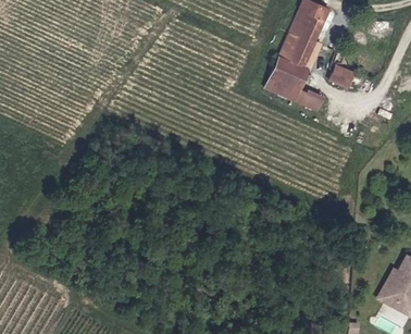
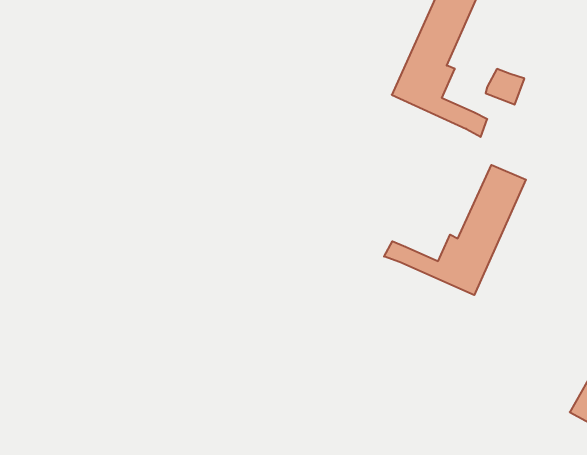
building: none -> [384,165,526,295]

